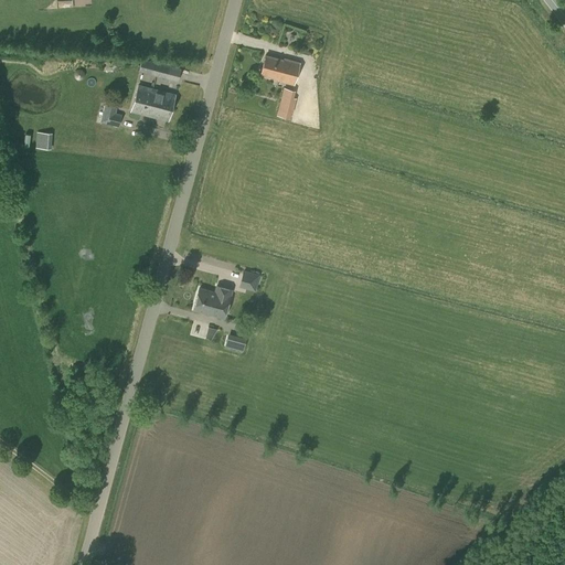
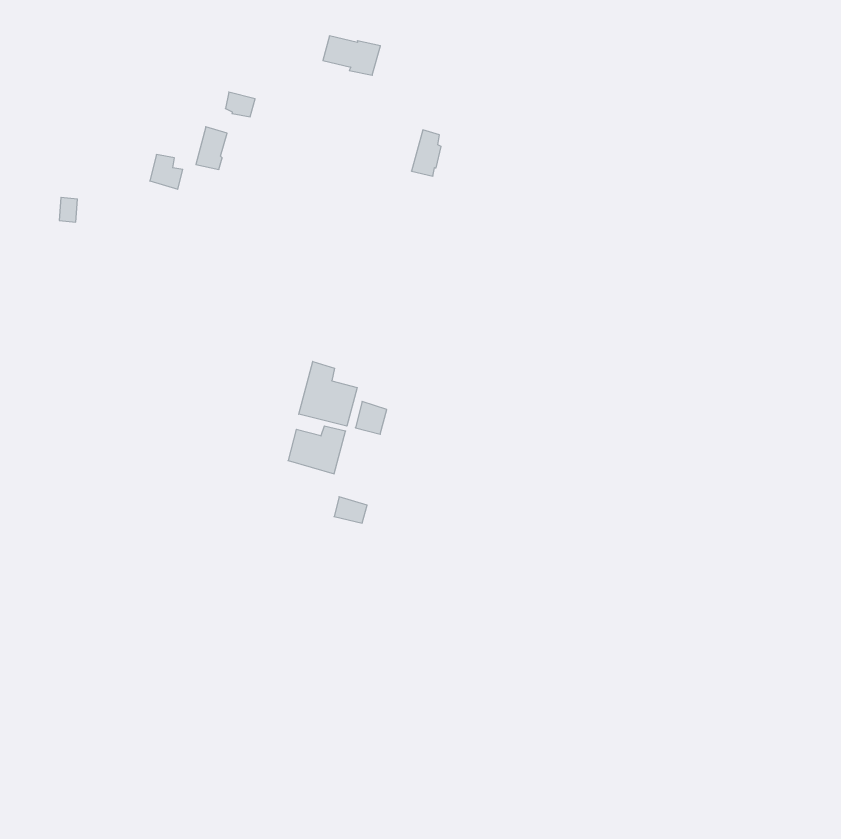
building: [260,57,299,84] -> [323,36,380,75]
building: [147,90,174,120] -> none
building: none -> [299,361,357,426]

